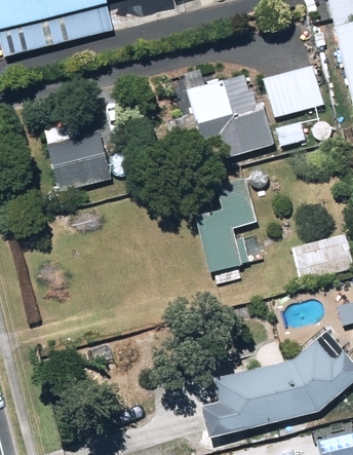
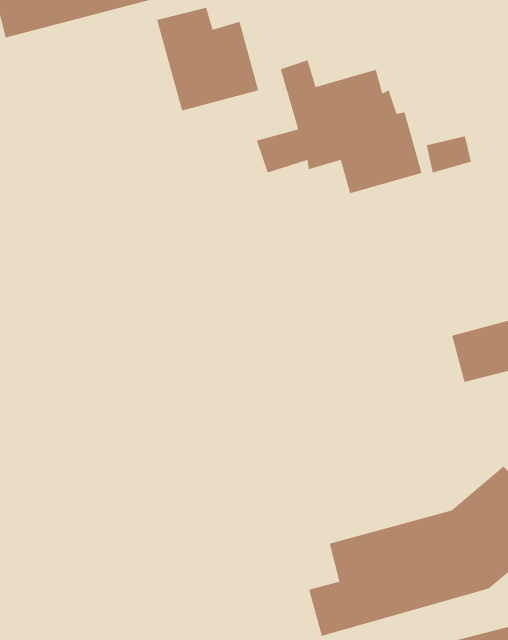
building: [263,63,323,115] -> none
building: [43,121,110,189] -> [156,7,259,111]
building: [195,178,254,279] -> none

